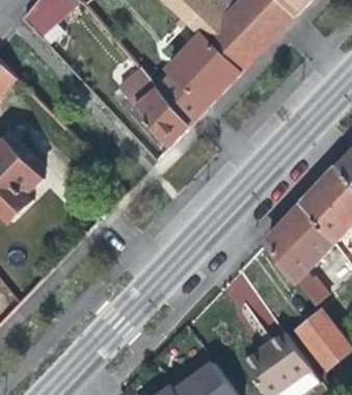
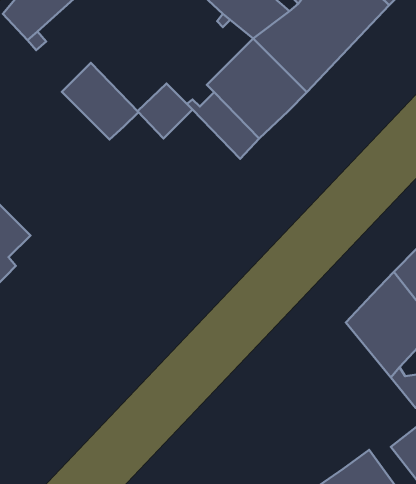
building: [136,86,191,141] -> [62,63,138,140]

